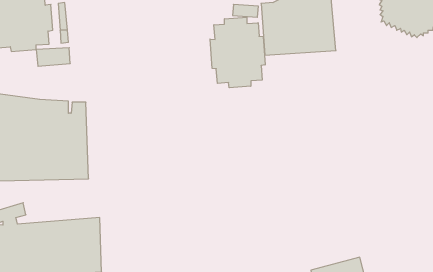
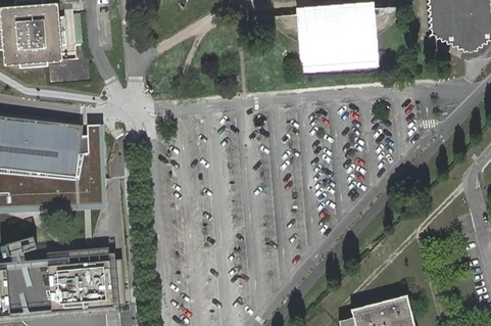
building: [210,17,265,88] -> none

